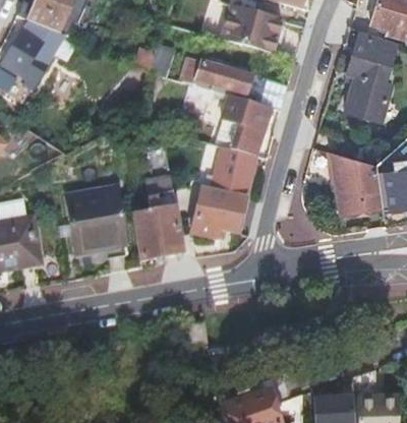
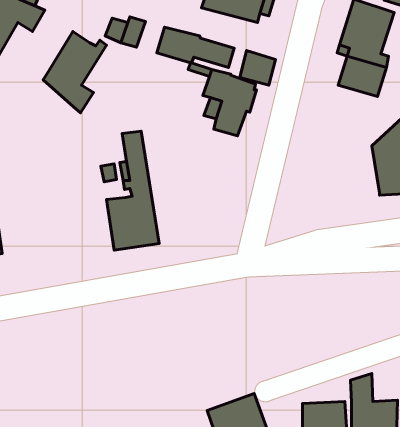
building: none -> [43,32,107,113]
building: [191,146,255,238] -> none
building: [330,152,383,214] -> none
building: [68,188,127,254] -> none

